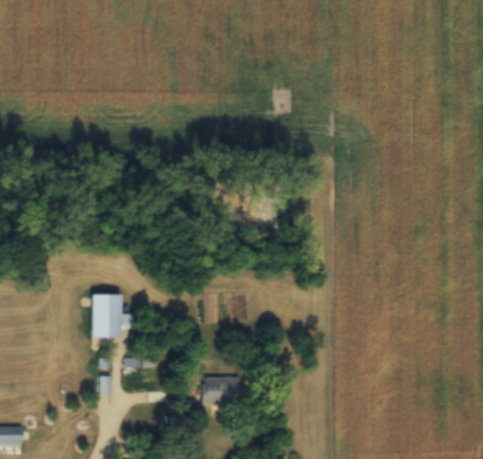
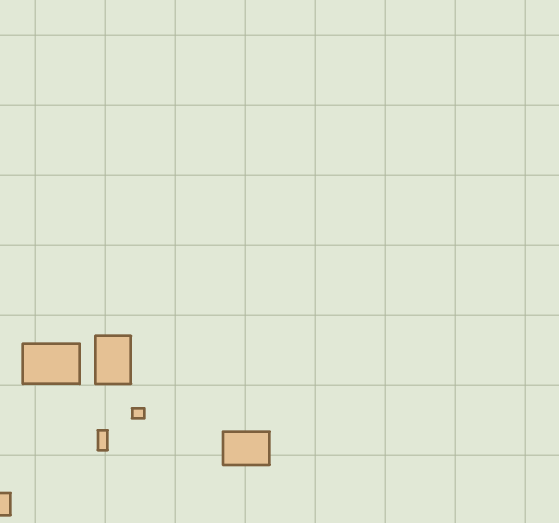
building: none -> [23,344,80,384]

